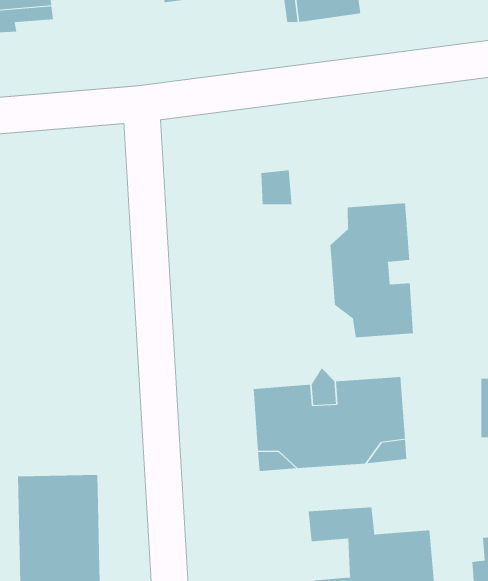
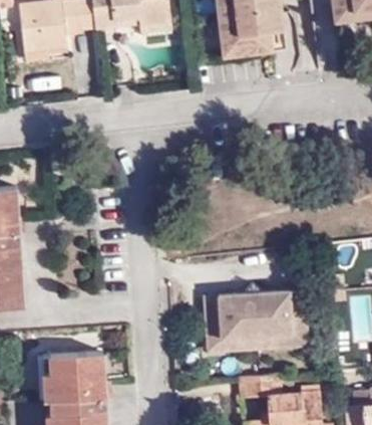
building: [330,203,414,338] -> none

